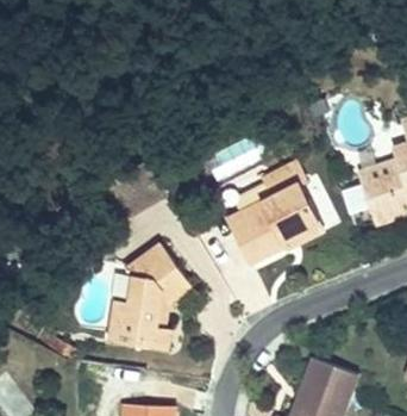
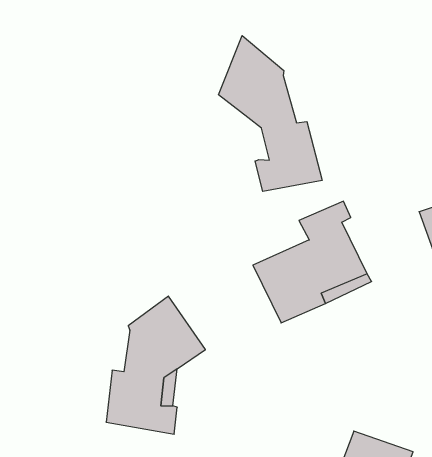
building: none -> [219,36,322,191]

